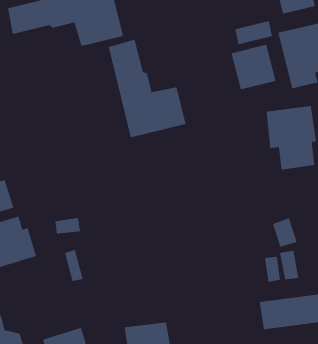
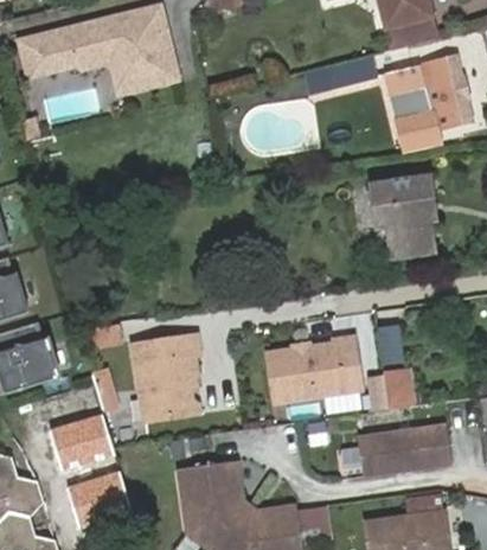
building: [108,39,186,138] -> none
building: [231,44,276,90] -> none
building: none -> [132,334,199,418]
building: none -> [268,335,363,401]
building: none -> [50,416,115,471]

